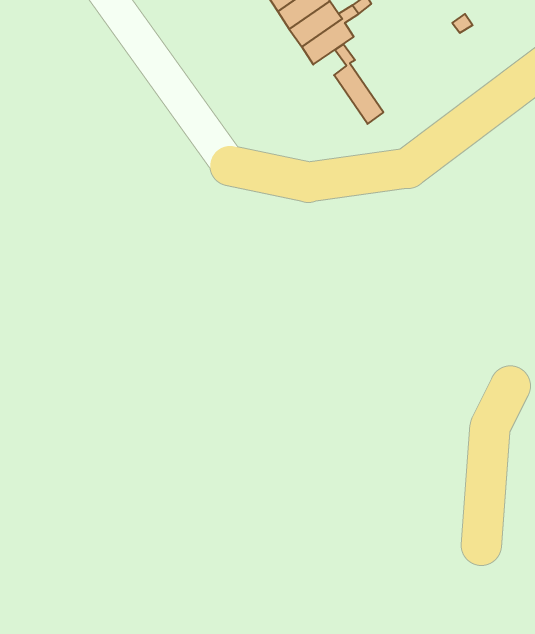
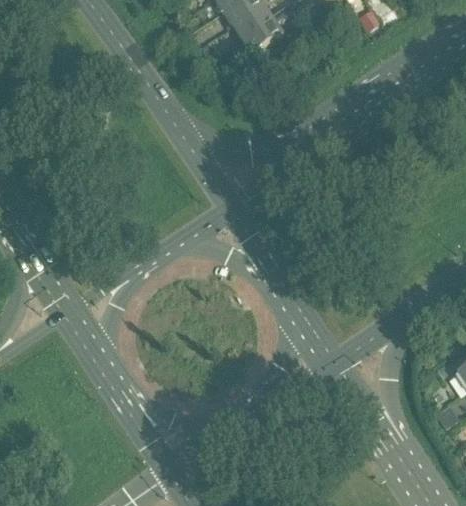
building: [334,44,383,124] -> none

